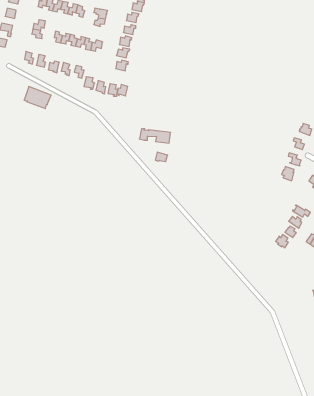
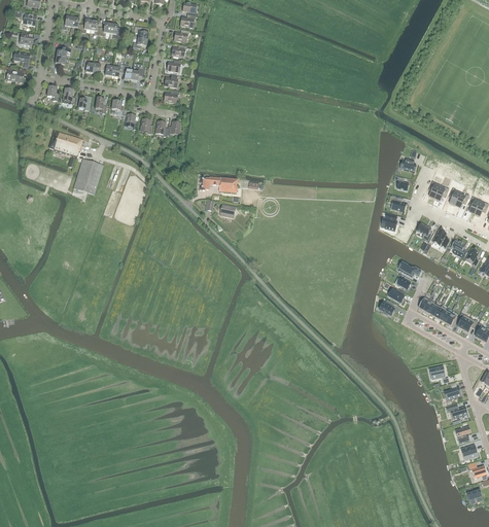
building: none -> [73,159,103,194]

